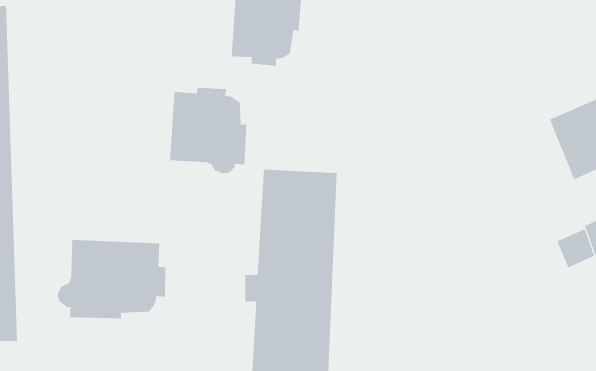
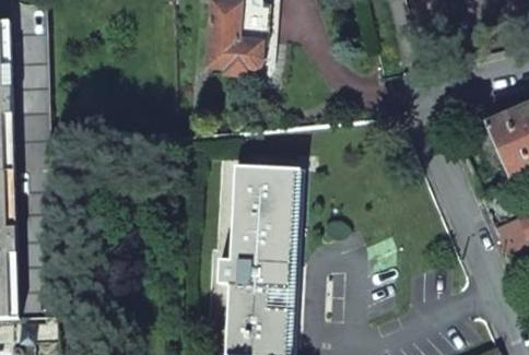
building: [170,87,247,174] -> none
building: [57,239,166,319] -> none

